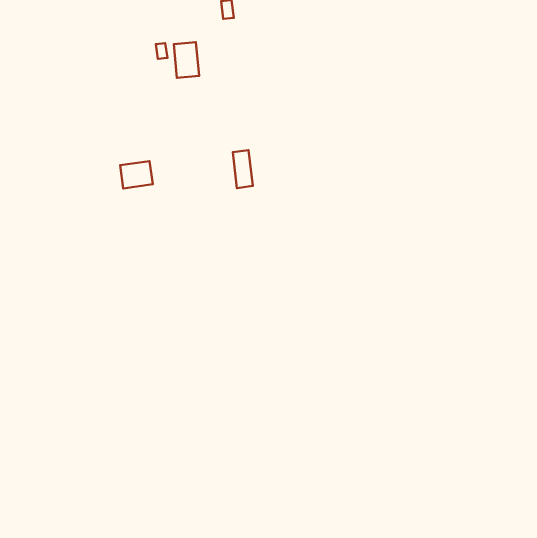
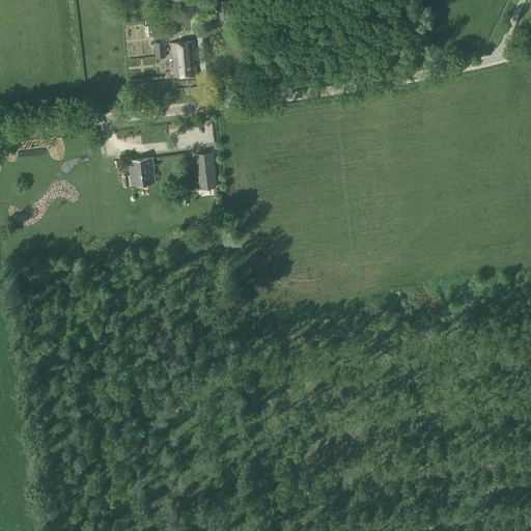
building: [233,150,253,188] -> [196,152,216,190]

